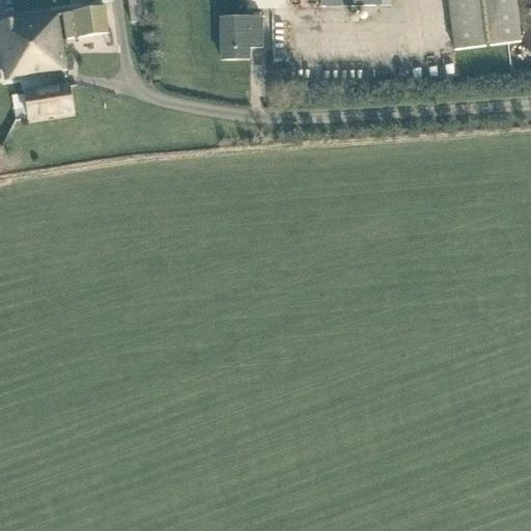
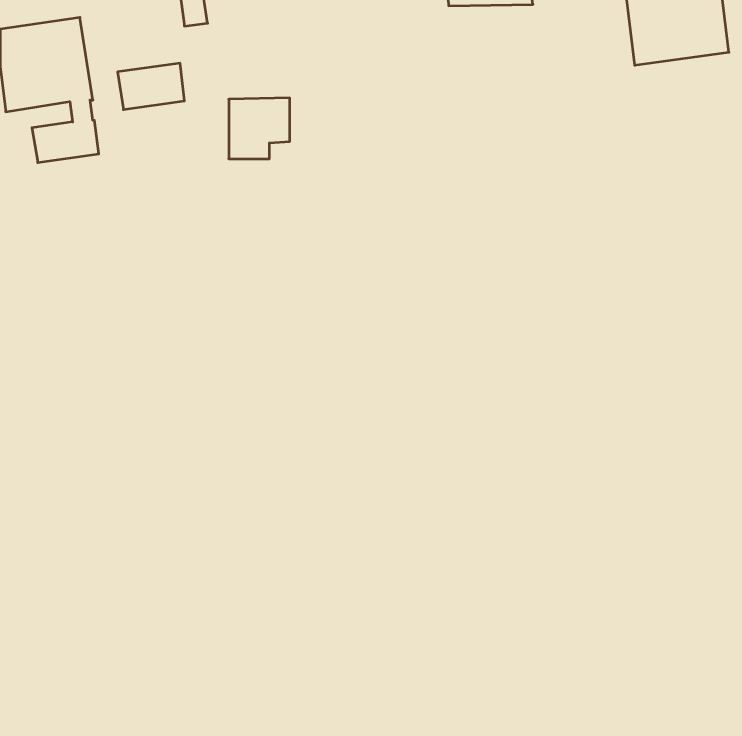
building: [61,4,109,37] -> [118,63,184,110]
building: [221,13,264,57] -> [229,98,290,159]

